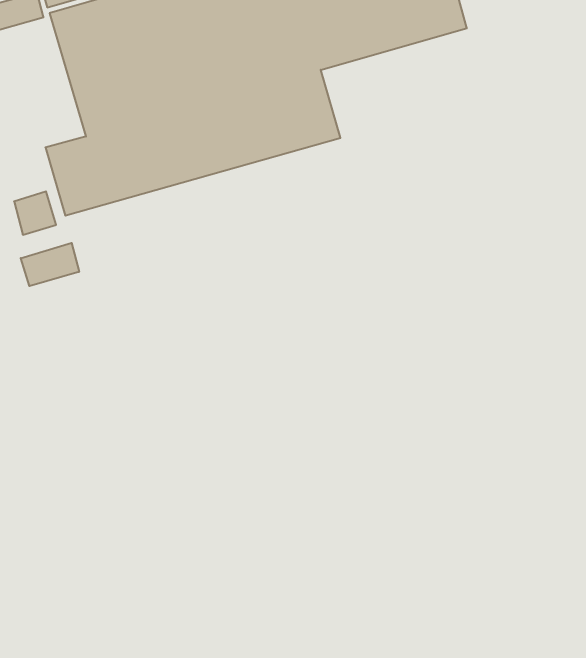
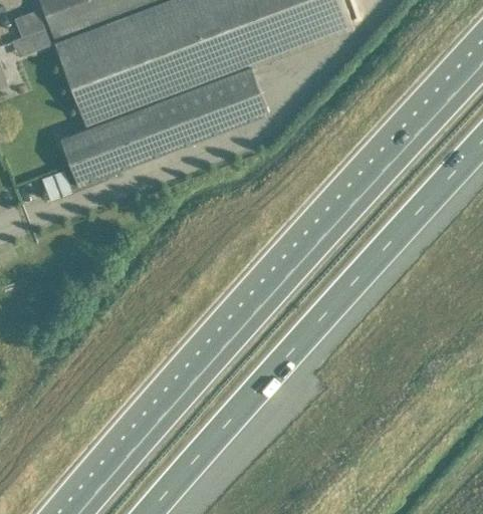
building: [21,243,79,286] -> none

